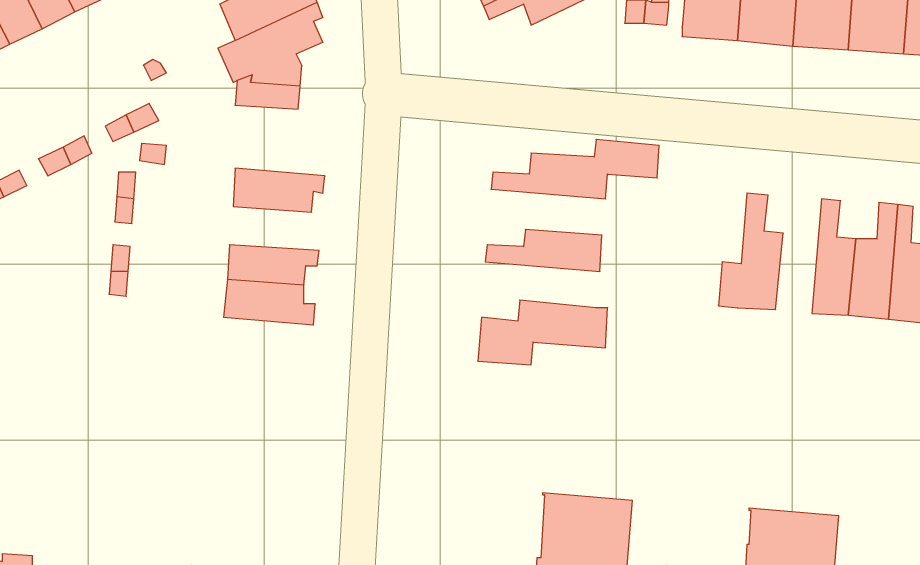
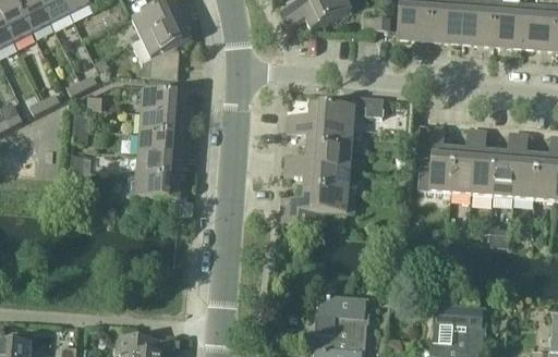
building: none -> [142,90,194,116]
building: none -> [287,124,353,150]
building: none -> [450,128,476,195]
building: none -> [138,134,191,159]
building: none -> [283,165,350,192]

